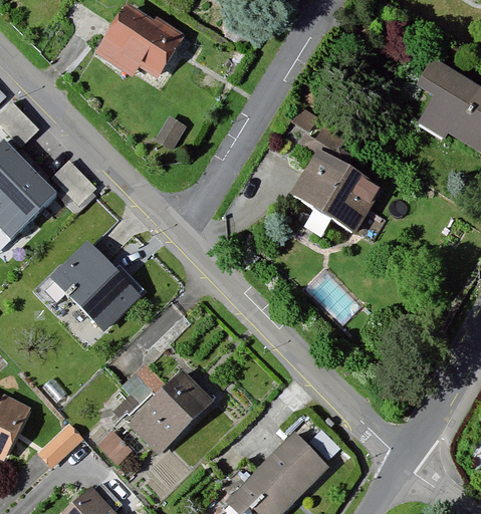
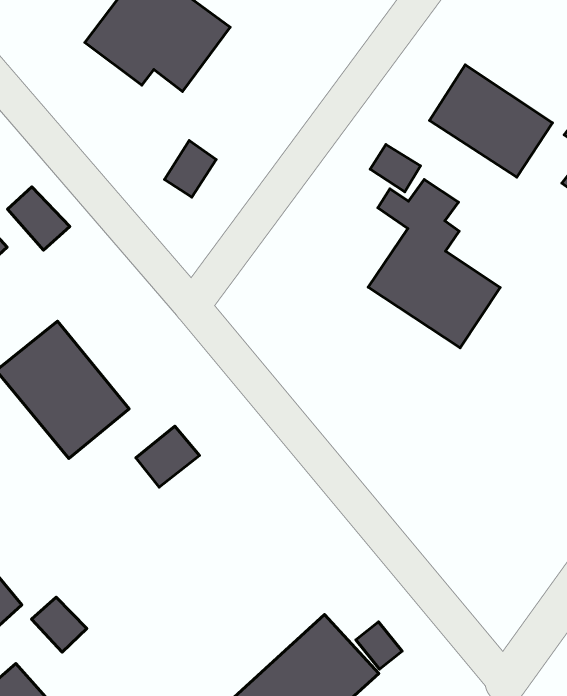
building: none -> [430,65,553,177]
building: [121,364,205,449] -> none

